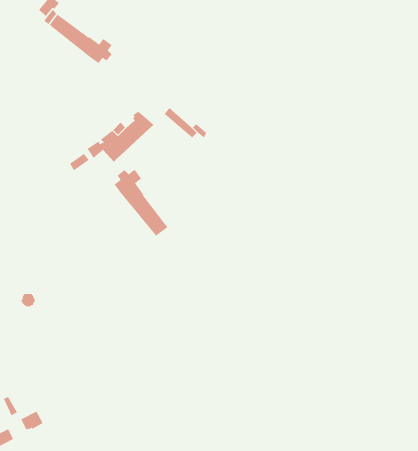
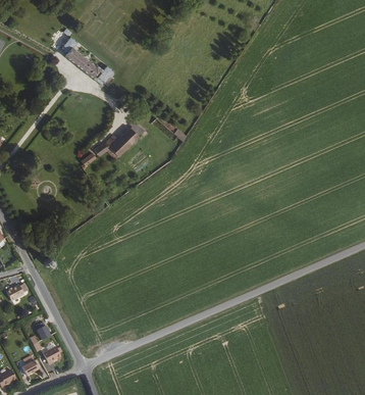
building: [114,169,168,237] -> none

